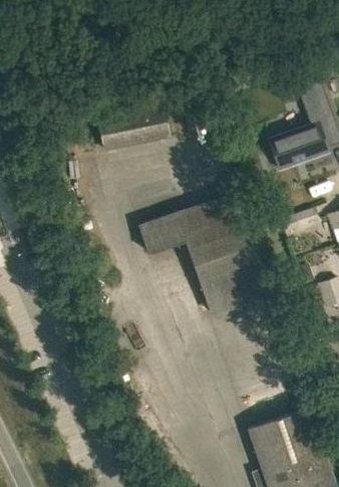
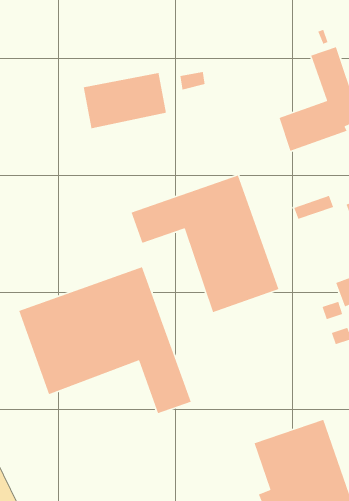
building: none -> [18,266,192,414]

